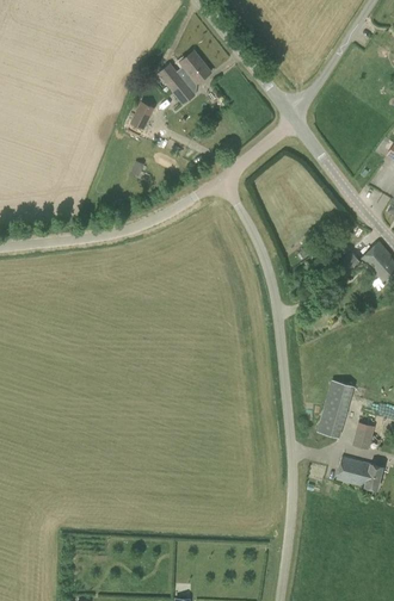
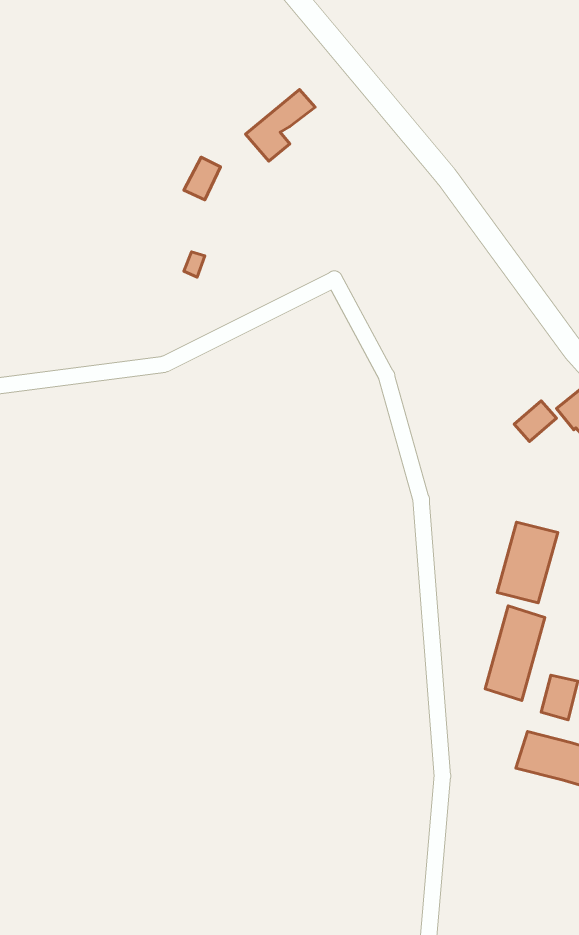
building: [156,50,202,88] -> none
building: none -> [497,522,558,603]

